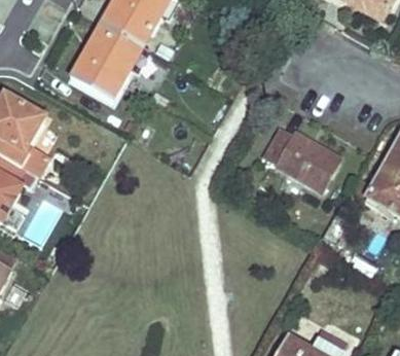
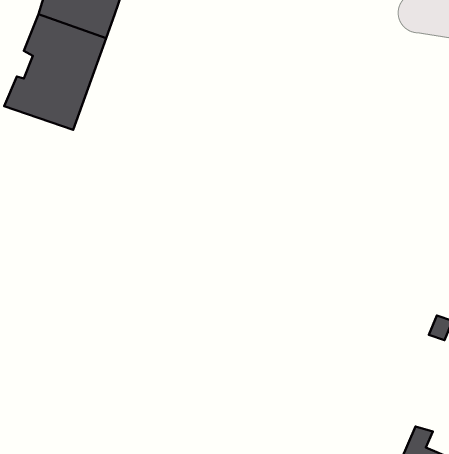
building: [262,128,339,190] -> none

